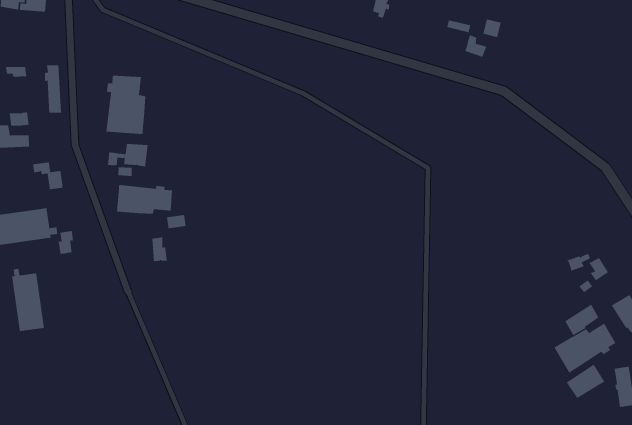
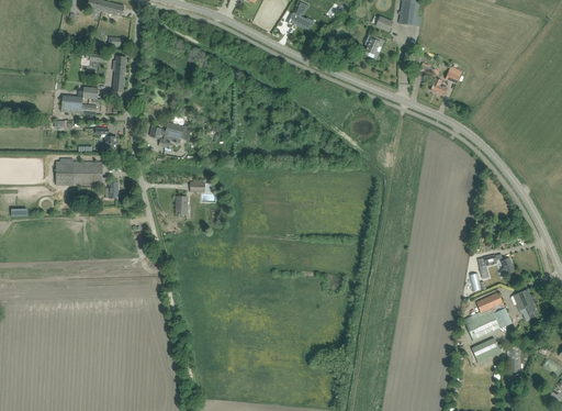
building: [106,75,146,135] -> none
building: [117,184,172,215] -> none
building: [12,268,44,332] -> none

